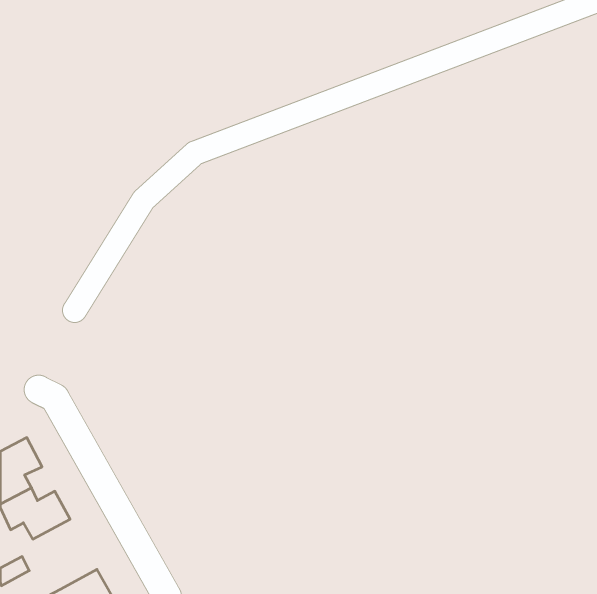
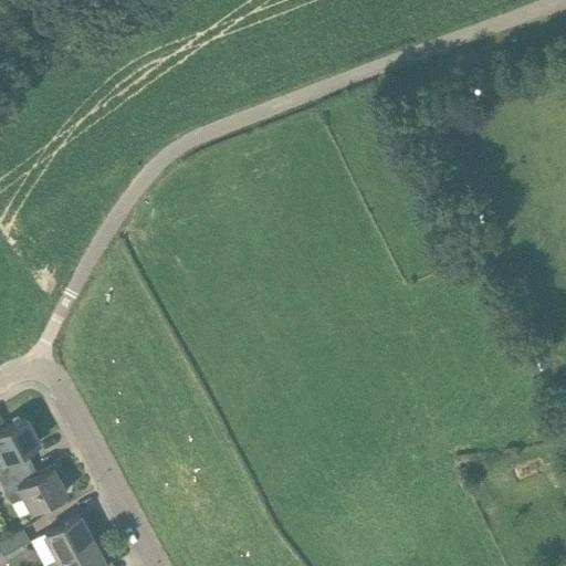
building: none -> [43,516,92,560]

